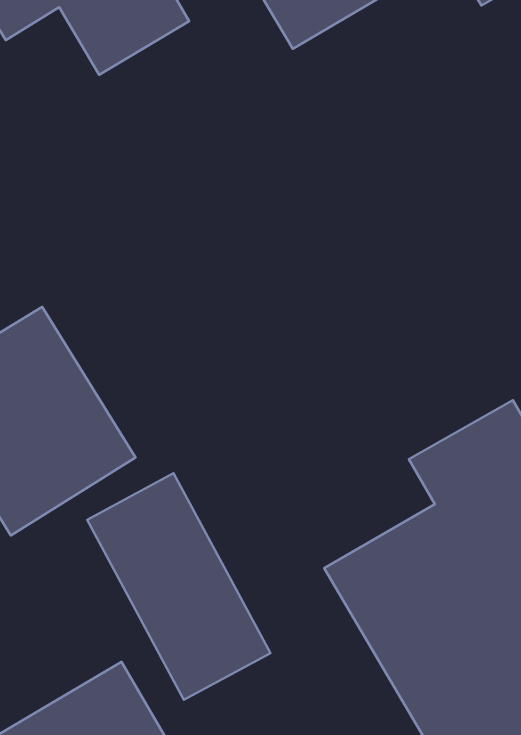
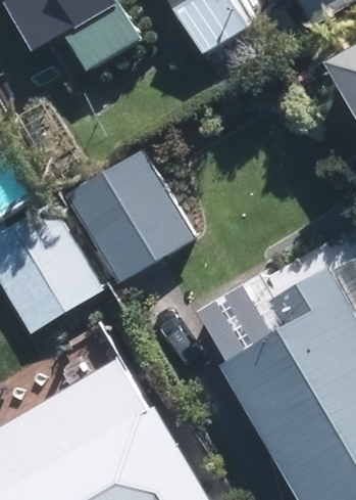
building: none -> [67,150,196,285]

